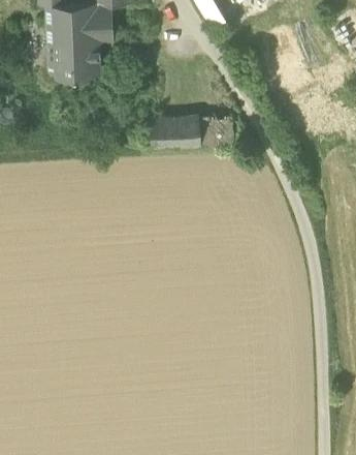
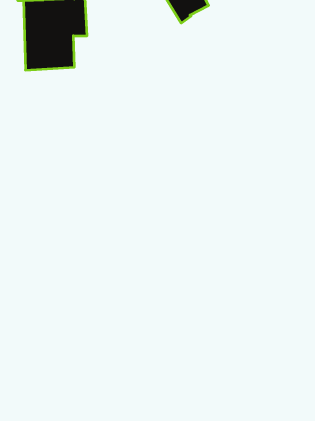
building: [150,114,234,148] -> none

